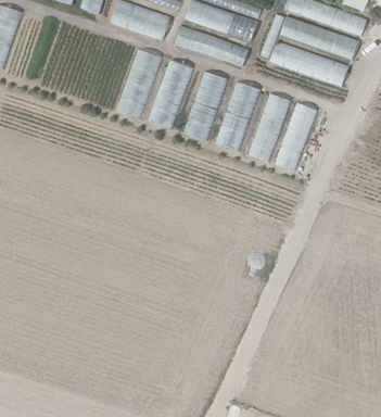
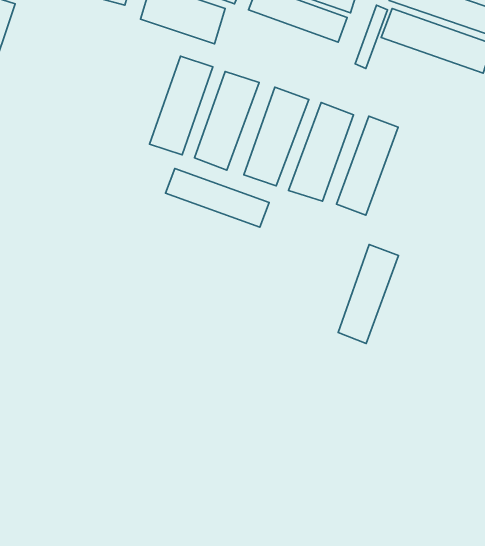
building: [174,25,246,66] -> [166,169,269,227]
building: [269,40,347,85] -> none
building: [275,102,317,172] -> [338,245,399,343]

